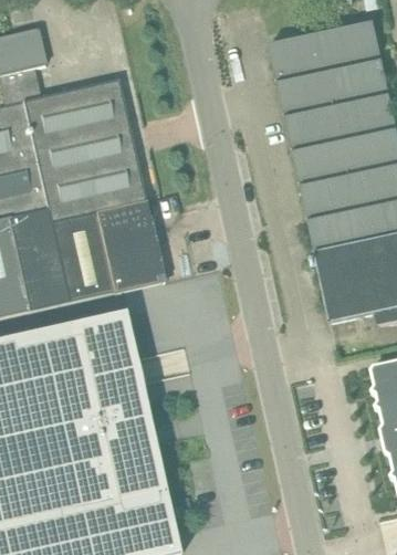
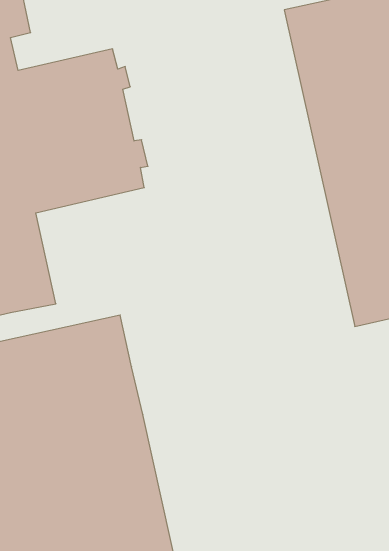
building: [51,201,166,303] -> none

